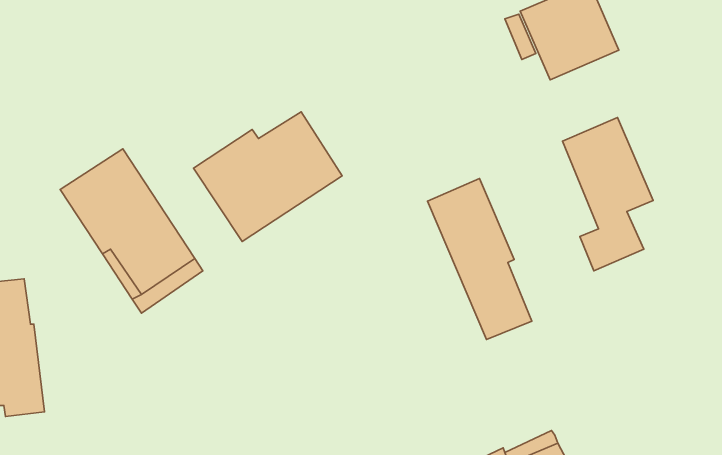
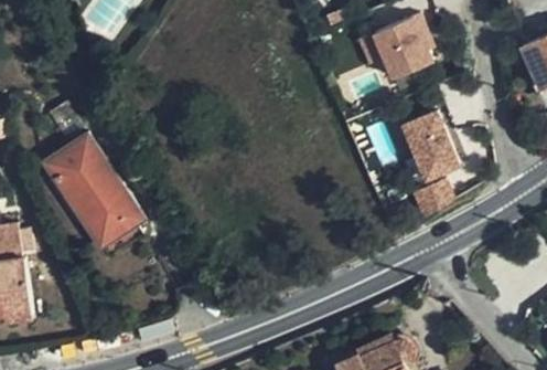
building: [194,112,342,242] -> none
building: [427,178,532,339] -> none

